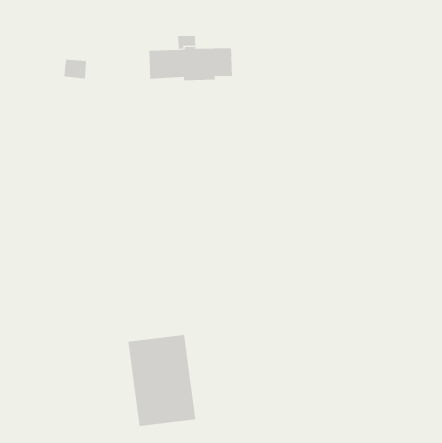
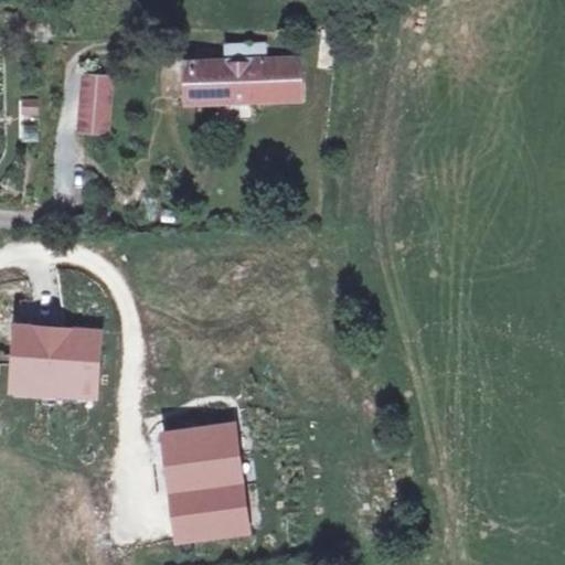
building: none -> [78,97,109,132]
building: none -> [11,327,97,395]

